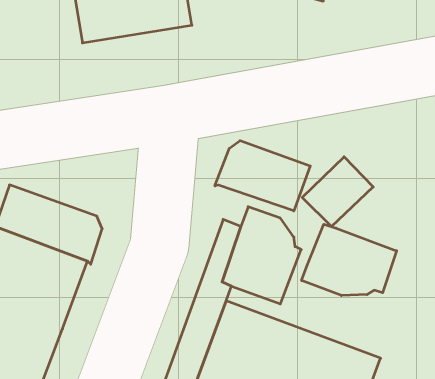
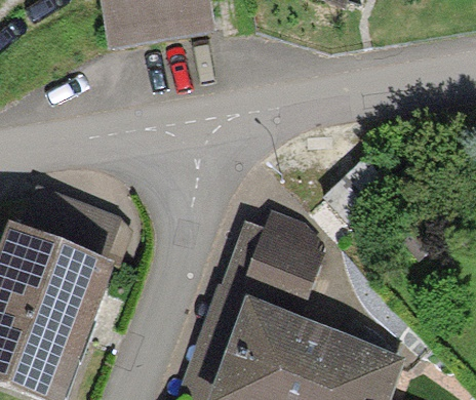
building: [215,141,310,211] -> none
building: [302,224,397,296] -> none

